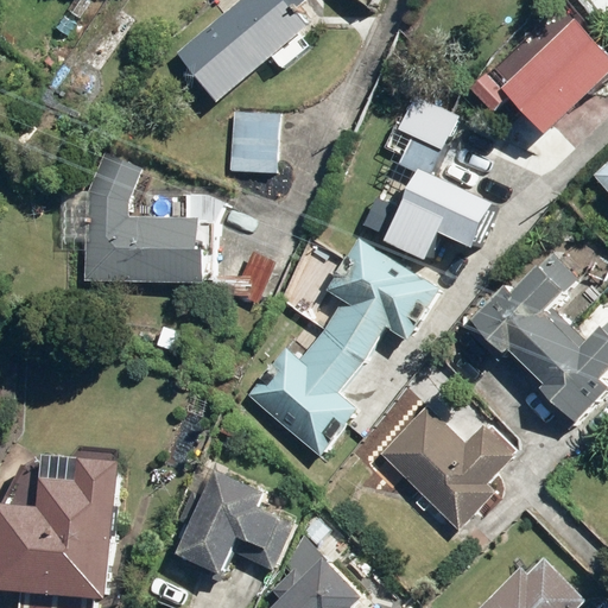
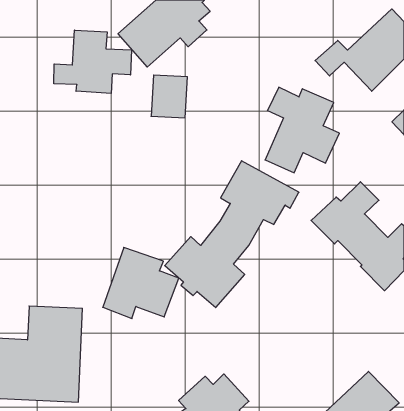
building: none -> [54,30,131,93]
building: [55,151,272,305] -> none
building: [379,404,518,531] -> none
building: [182,468,293,572] -> [103,247,179,319]

